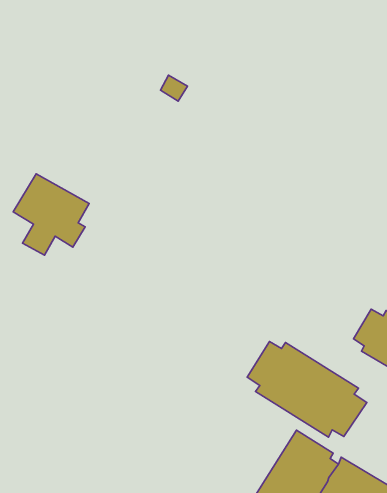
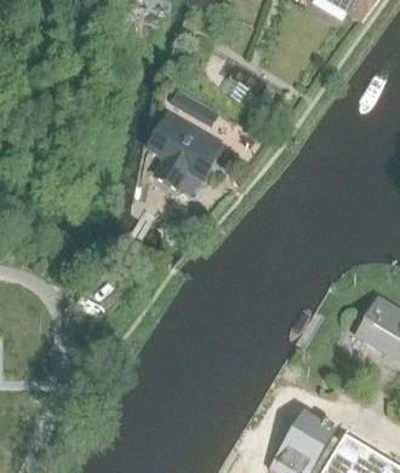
building: [13,174,89,255] -> [148,114,216,186]
building: [247,342,367,437] -> none

